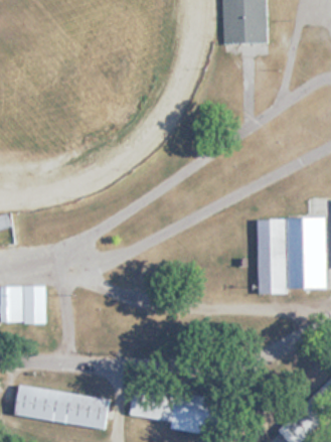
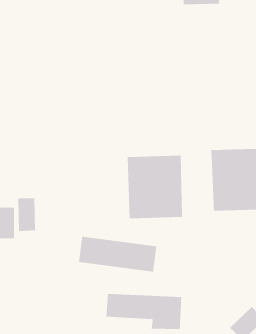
building: none -> [127,155,182,219]
building: [15,386,110,429] -> [78,236,157,272]

